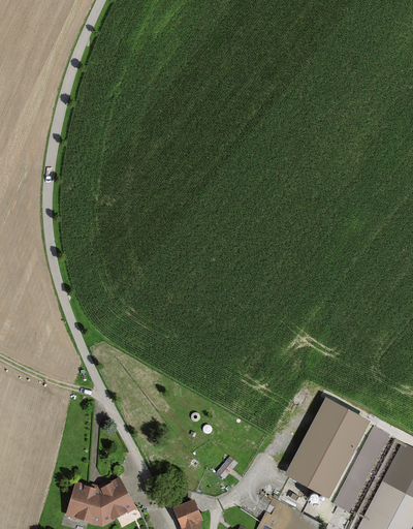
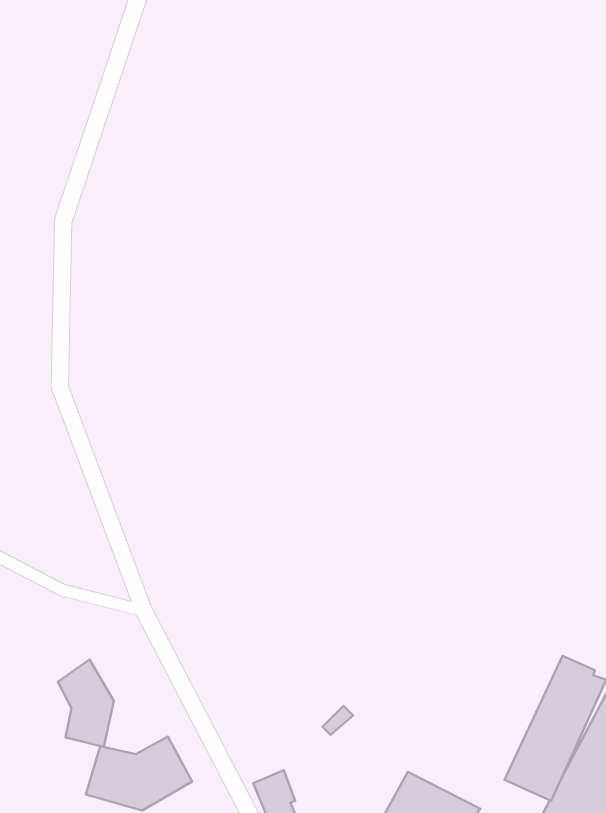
building: [288,398,368,493] -> none
building: none -> [58,660,114,747]

